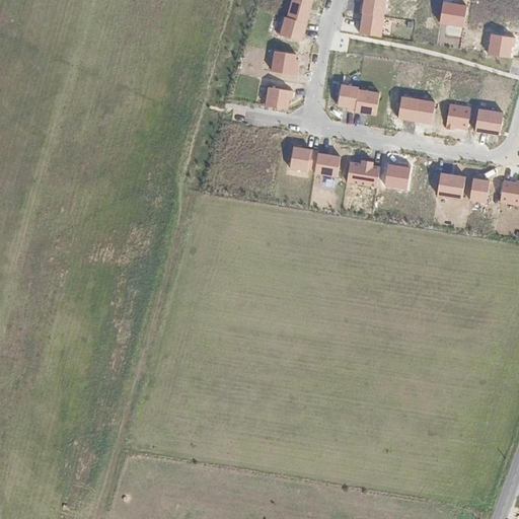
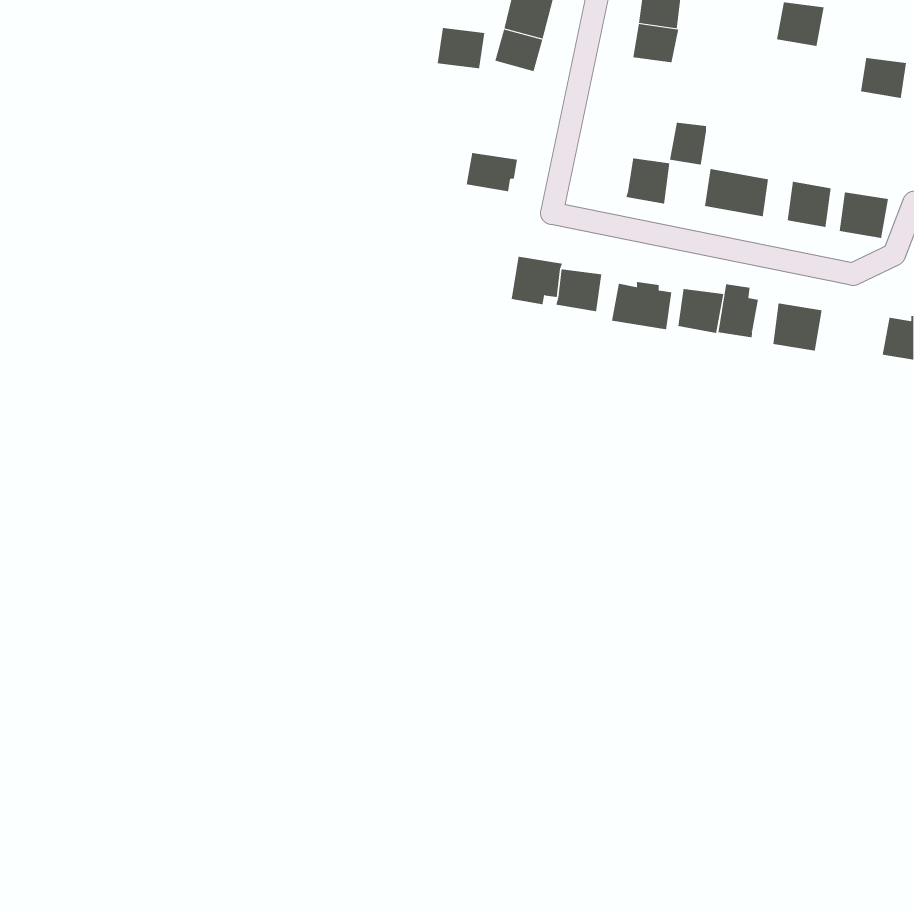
building: [271,51,298,74] -> [437,28,485,69]
building: [337,84,358,108] -> [669,122,707,165]
building: none -> [718,283,758,338]
building: [468,177,490,203] -> none

